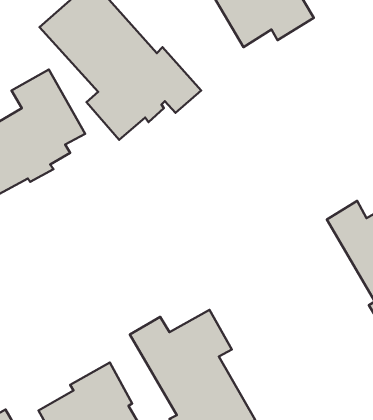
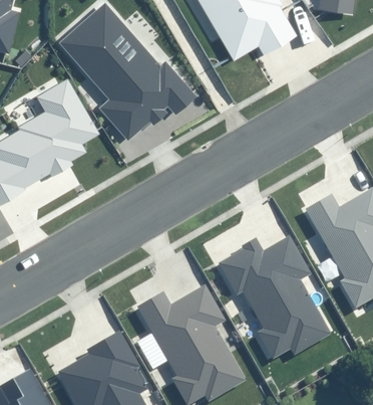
building: none -> [219,235,330,358]

